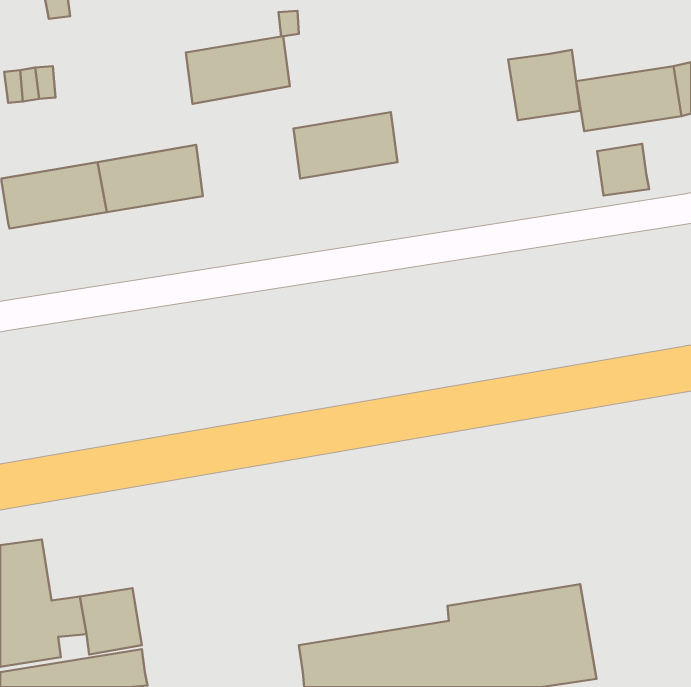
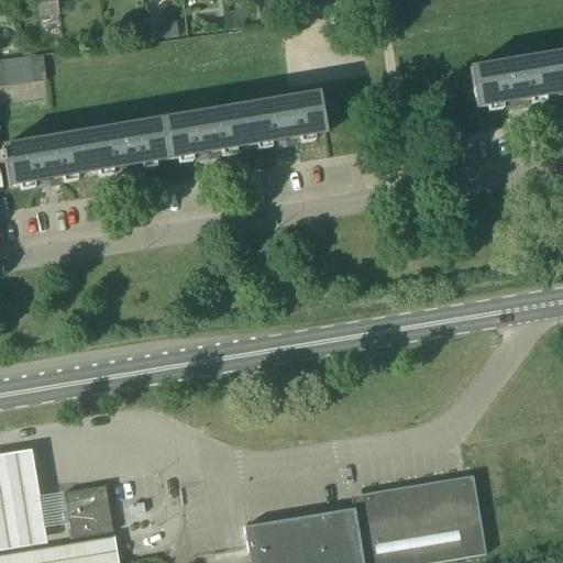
building: [186,36,290,104] -> [159,104,244,159]
building: [508,50,580,120] -> none
building: [597,144,649,195] -> none

